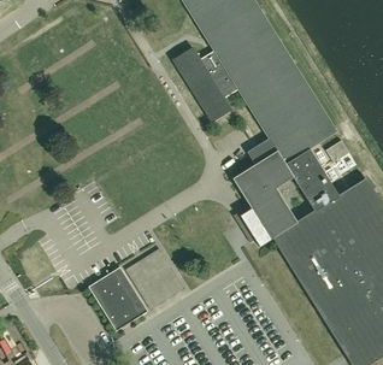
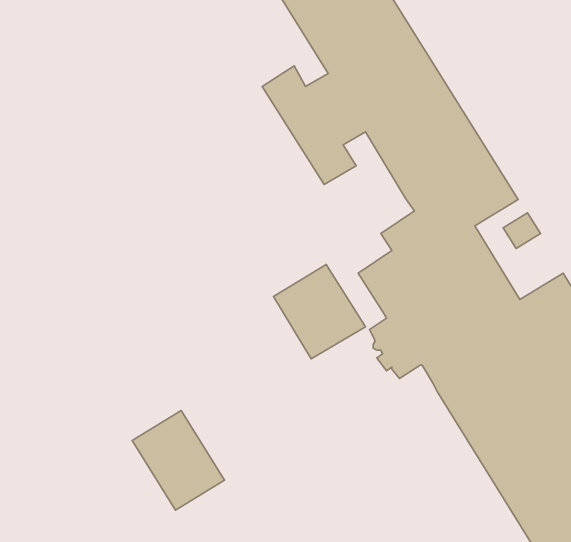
building: [125,247,184,307] -> [273,265,366,359]

